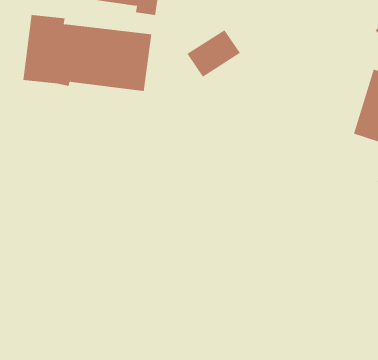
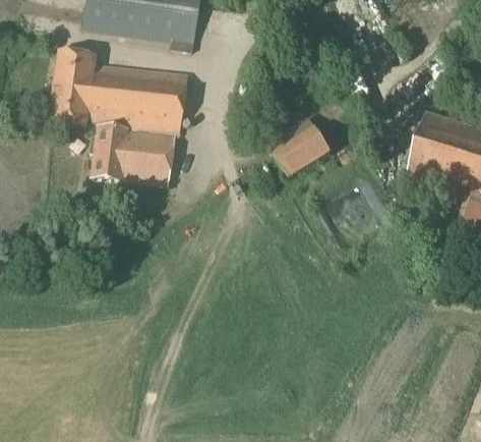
building: [186,30,241,77] -> [273,125,332,177]
building: none -> [89,123,179,184]

